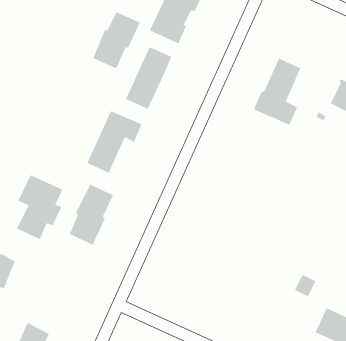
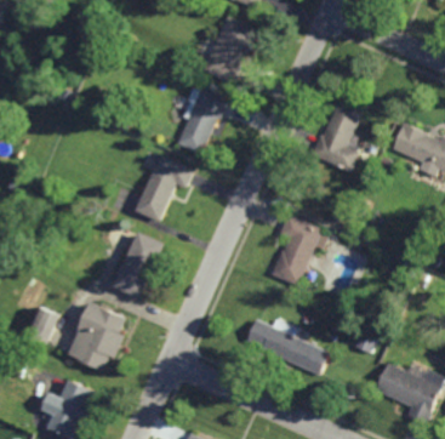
building: [92,12,140,69] -> none
building: none -> [270,213,321,286]
building: [16,175,63,240] -> [78,302,127,371]
building: none -> [246,318,329,375]

